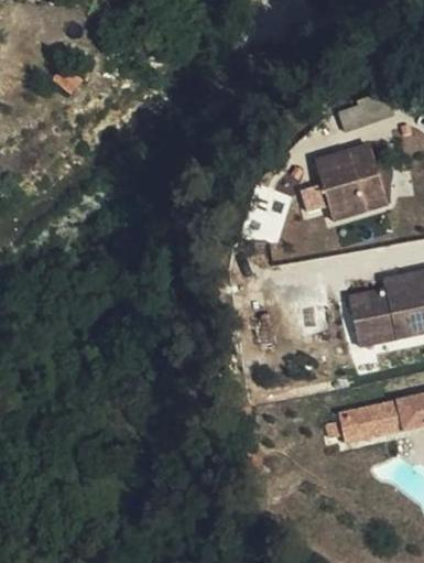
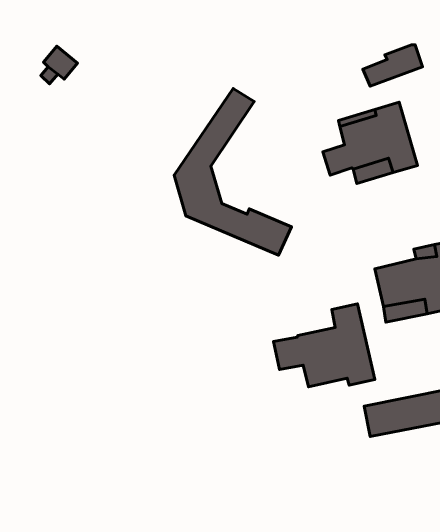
building: none -> [174,89,292,255]
building: none -> [274,304,375,387]

